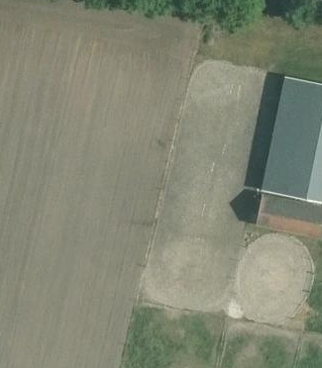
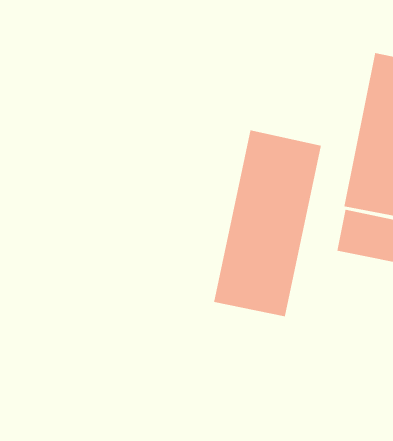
building: none -> [213,129,321,317]

